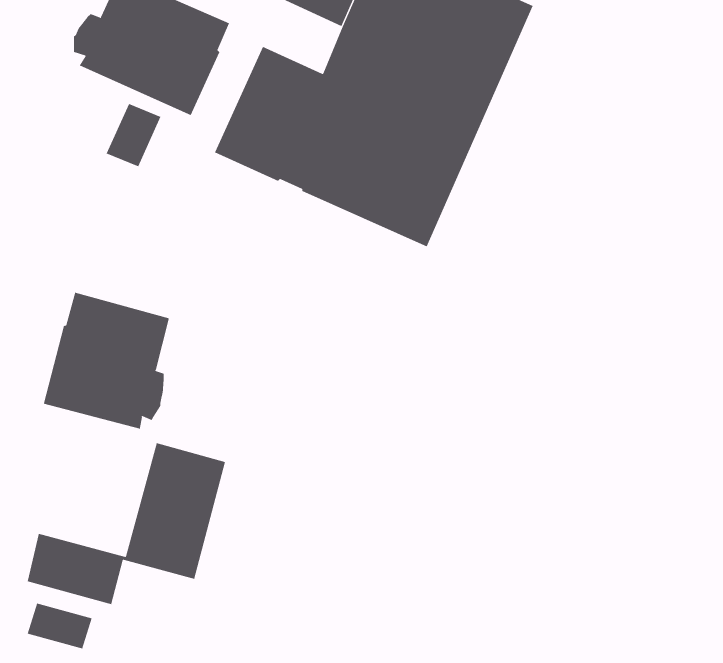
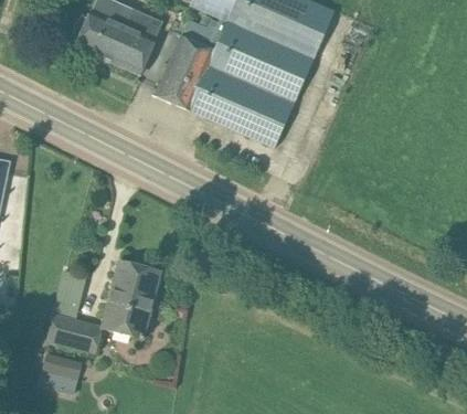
building: [106,103,161,167] -> none
building: [43,292,170,430] -> none

